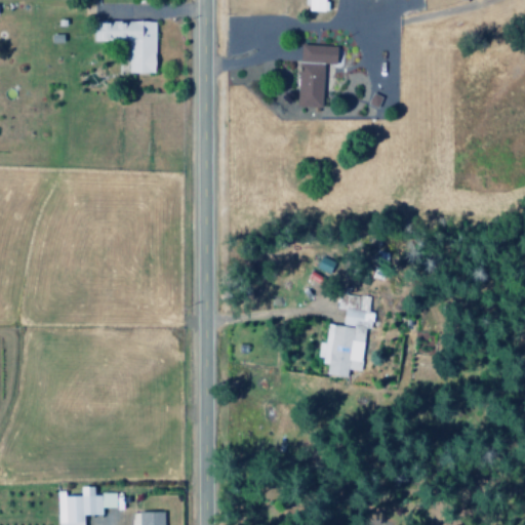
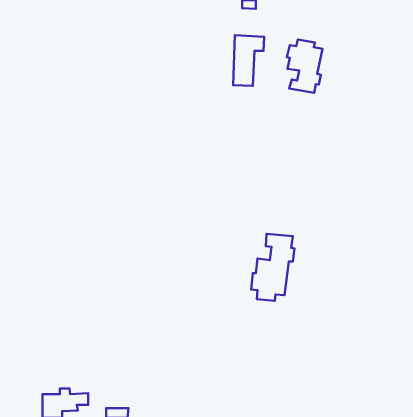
building: [92,22,157,74] -> none
building: none -> [287,39,322,93]

